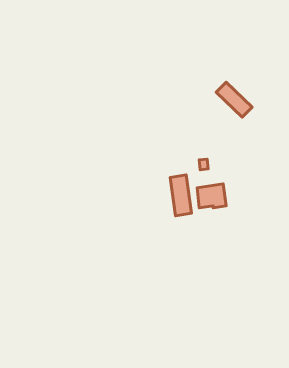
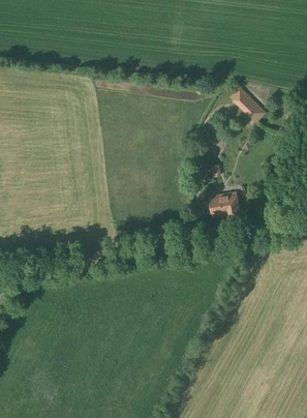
building: [170,175,191,216] -> none

